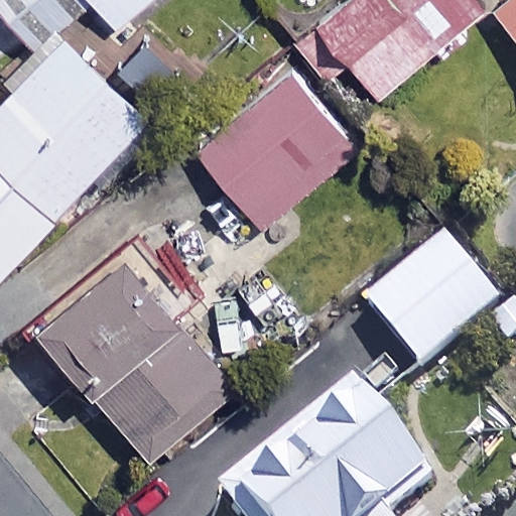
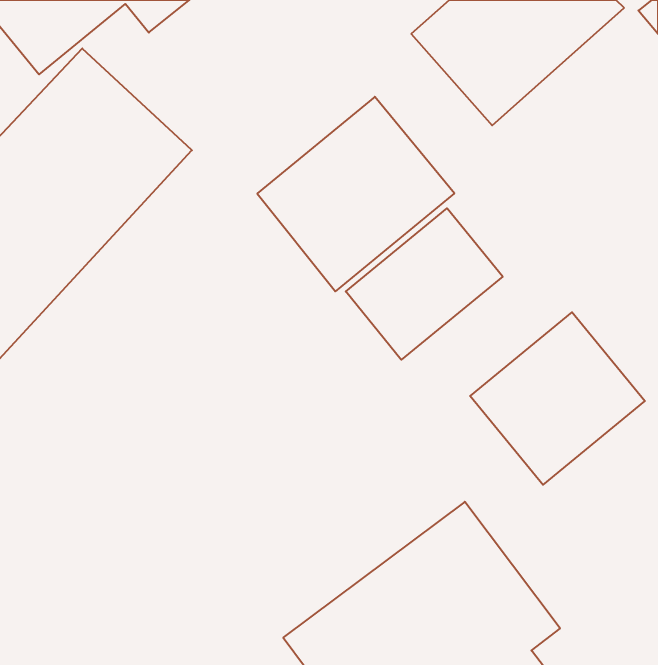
building: none -> [346,208,503,360]
building: [41,259,233,457] -> none

